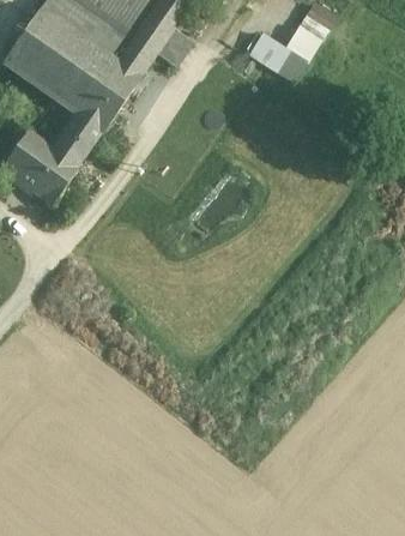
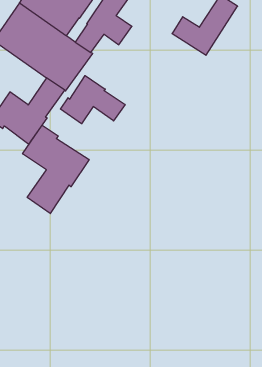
building: none -> [60,76,125,124]
building: none -> [23,125,89,214]

